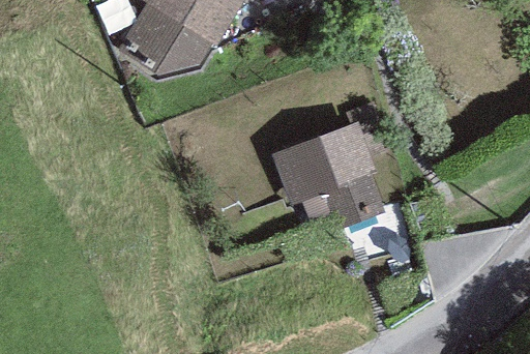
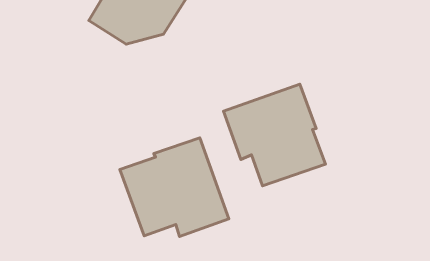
building: none -> [120,138,229,236]

